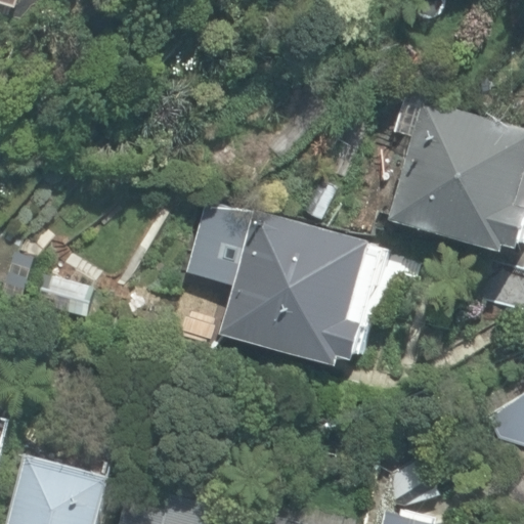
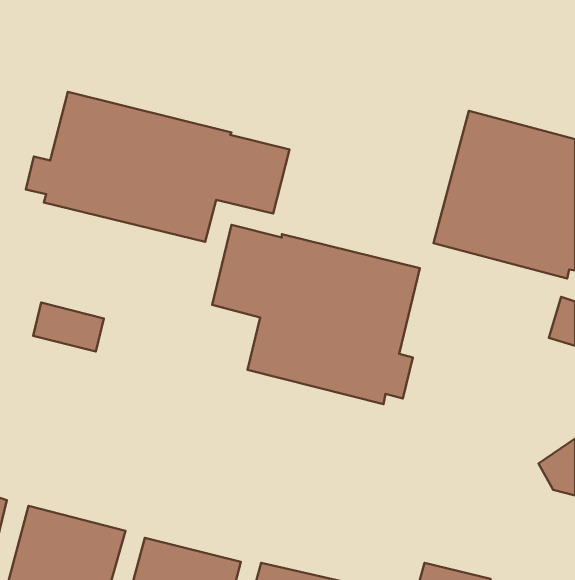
building: none -> [26,92,290,242]

